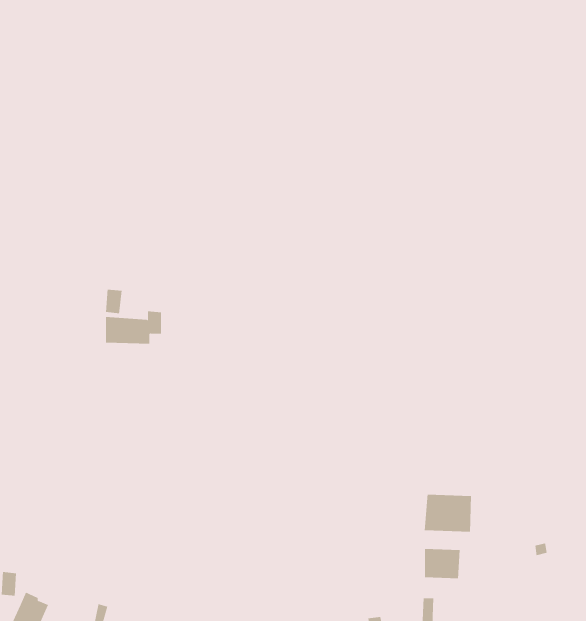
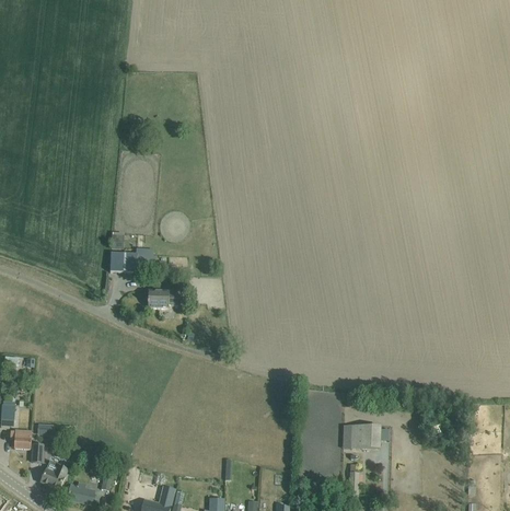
building: none -> [148,289,178,306]
building: [424,494,472,533] -> none

